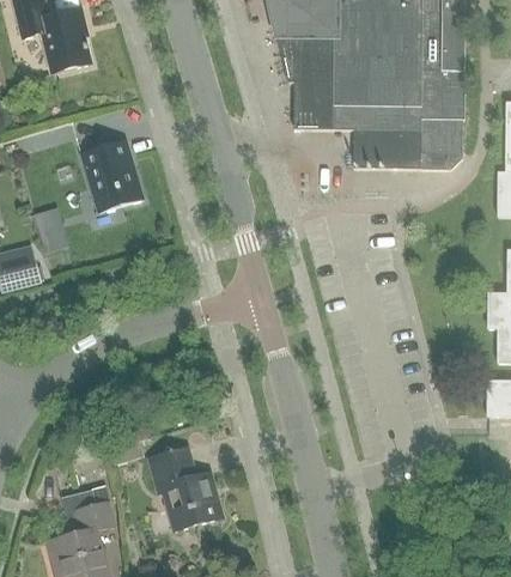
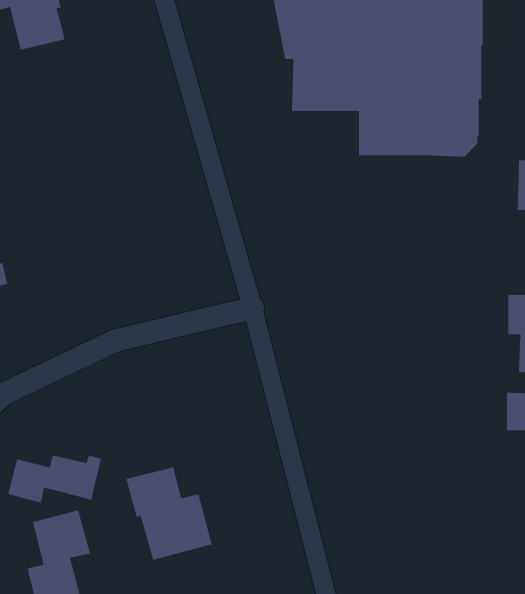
building: [80,139,145,212] -> none
building: [38,211,69,247] -> none
building: none -> [8,454,102,504]

